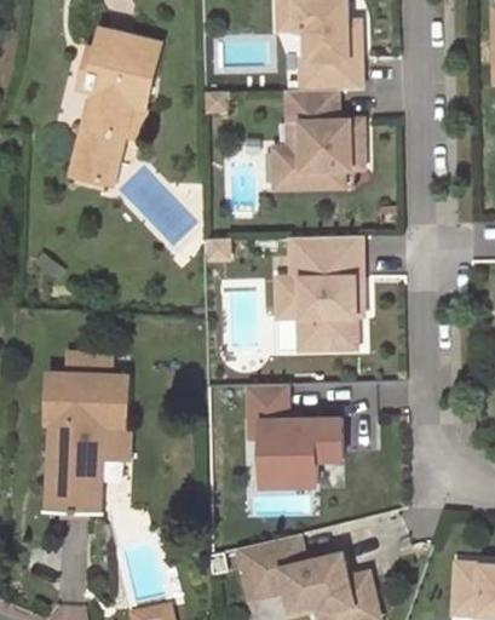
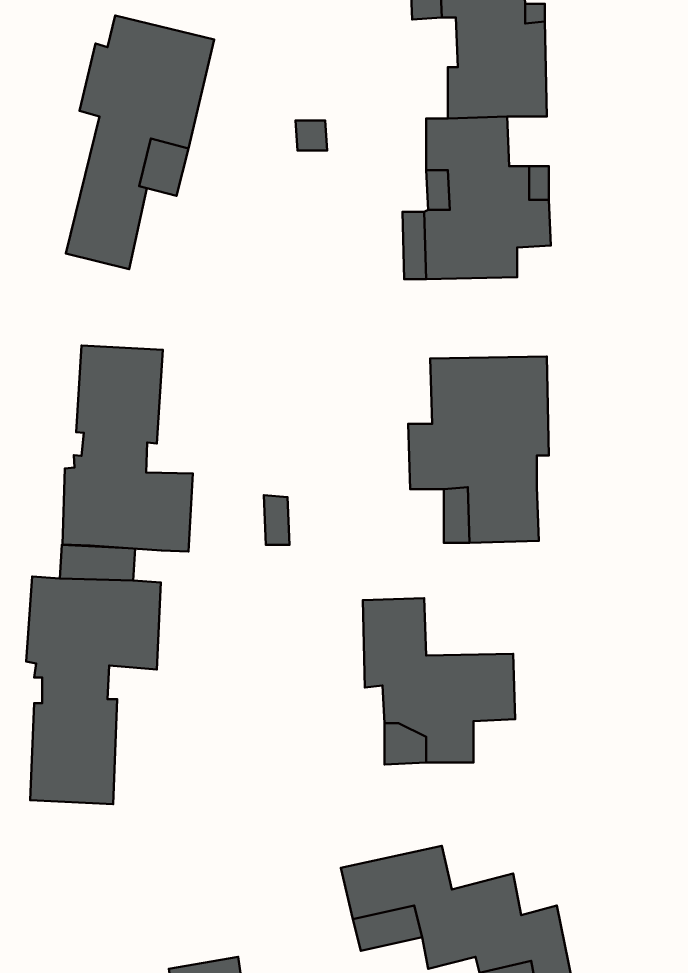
building: none -> [63,346,193,551]

